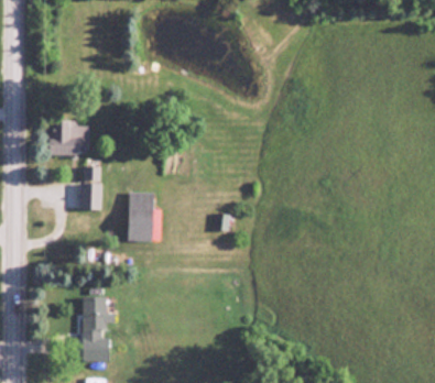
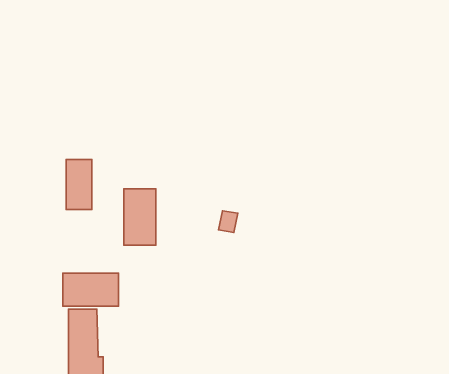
building: [52,121,88,155] -> none
building: none -> [63,273,119,306]

